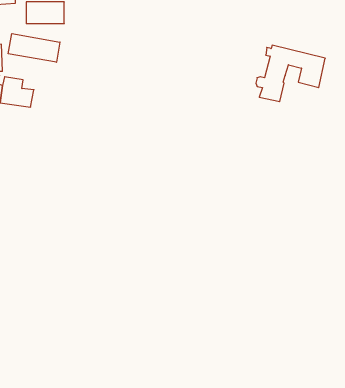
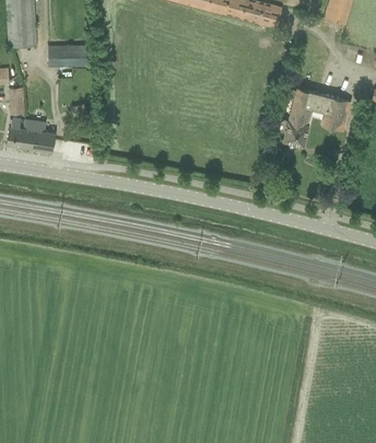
building: [8,34,60,62] -> none

